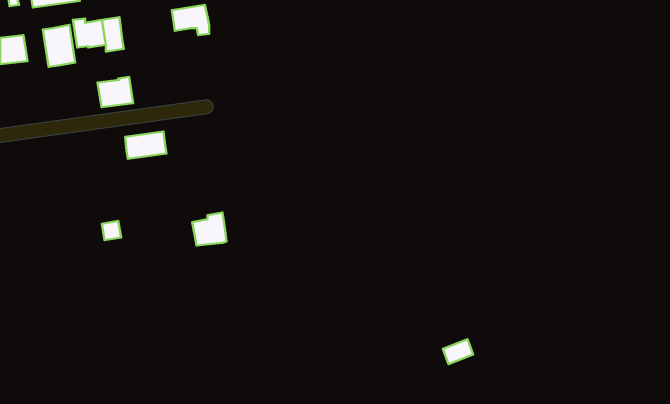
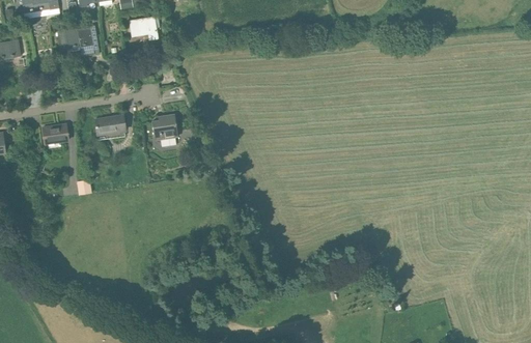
building: [43,25,75,67] -> none
building: [98,77,133,107] -> [43,120,69,143]
building: [192,212,227,245] -> [152,114,178,139]

